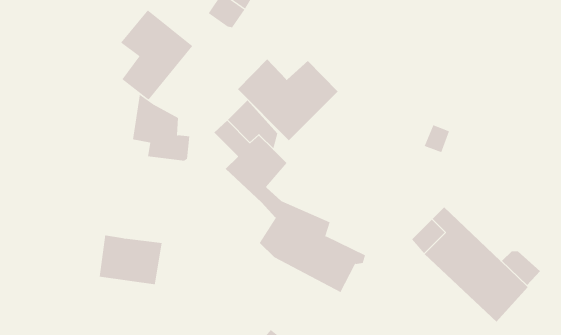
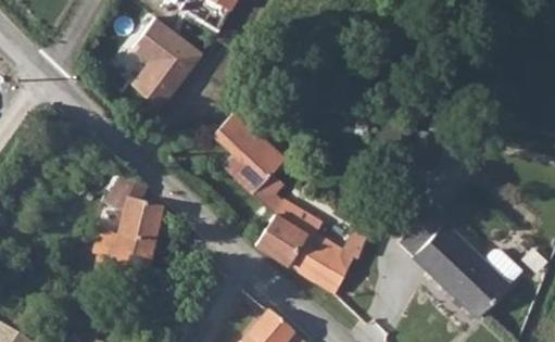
building: [237,58,338,141] -> none
building: [132,94,190,161] -> [114,175,169,239]

